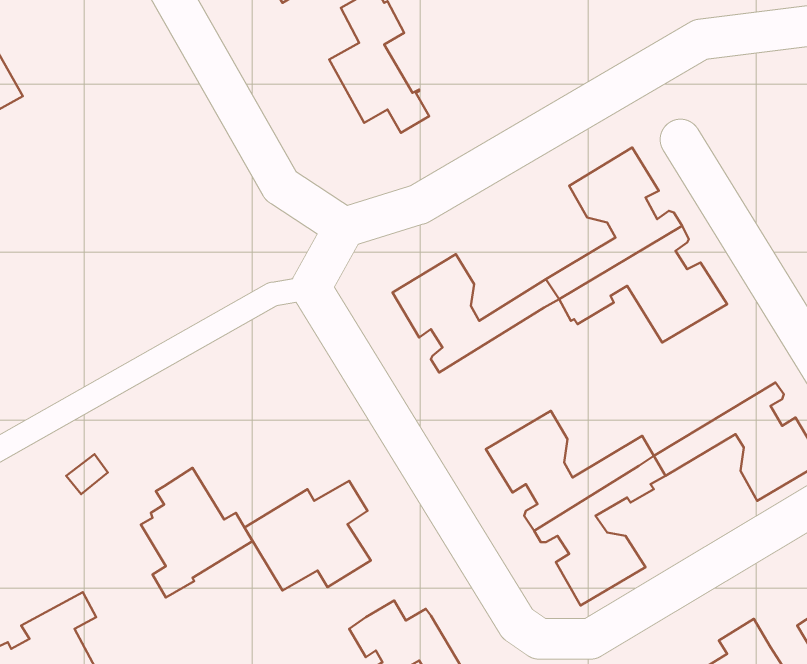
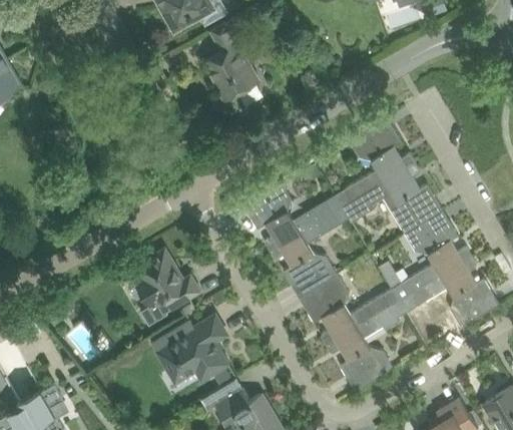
building: none -> [270,207,349,298]
building: none -> [378,210,472,302]
building: [141,468,252,598] -> [133,249,200,327]

